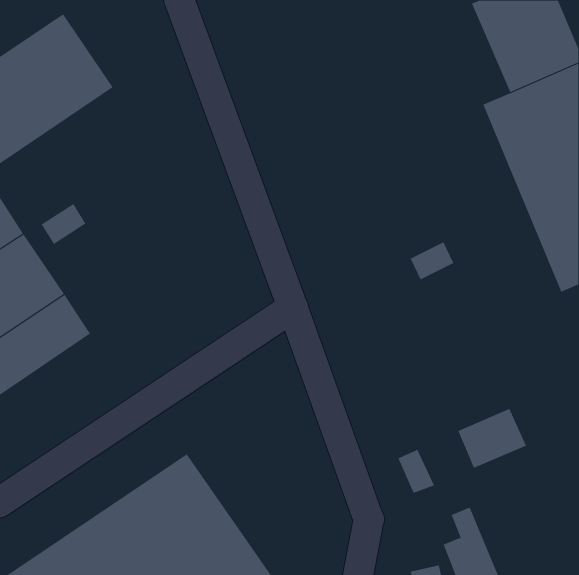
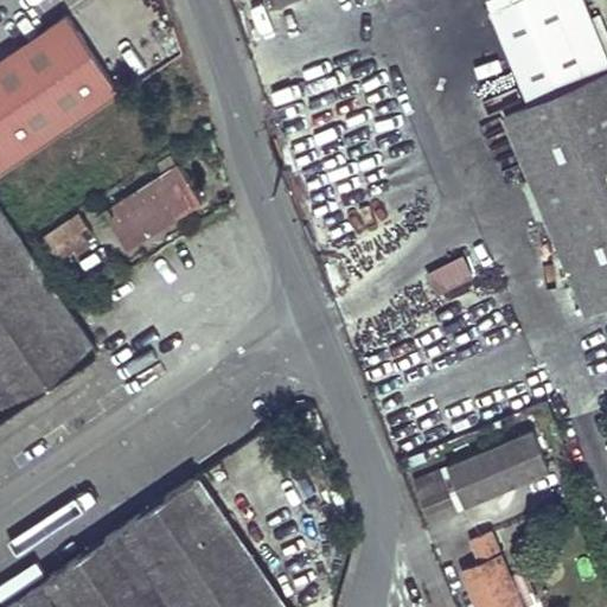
building: none -> [106,158,202,243]
building: none -> [447,455,494,509]

